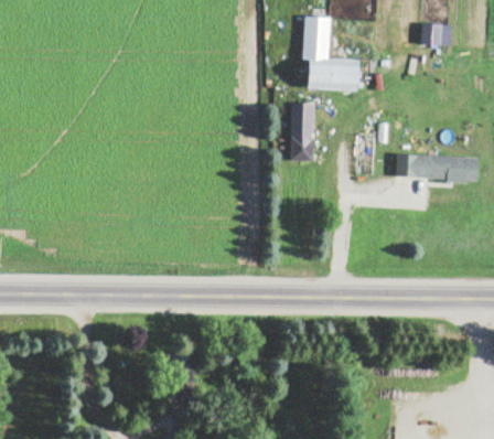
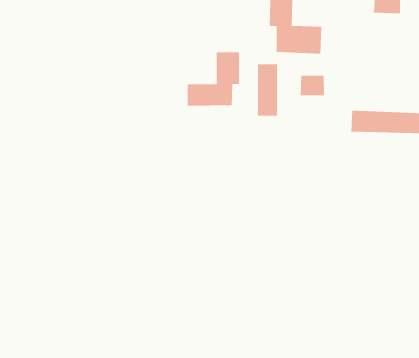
building: none -> [187,51,240,107]
building: none -> [300,75,325,96]

